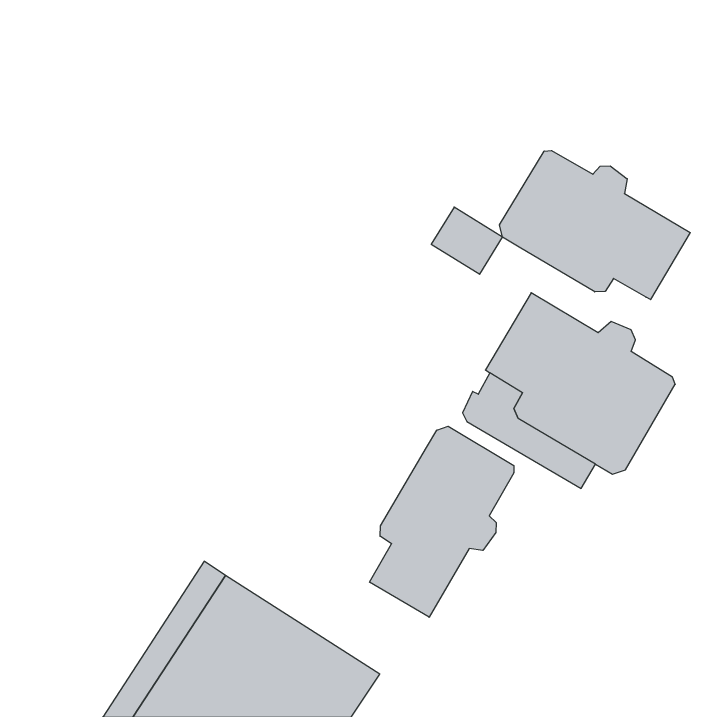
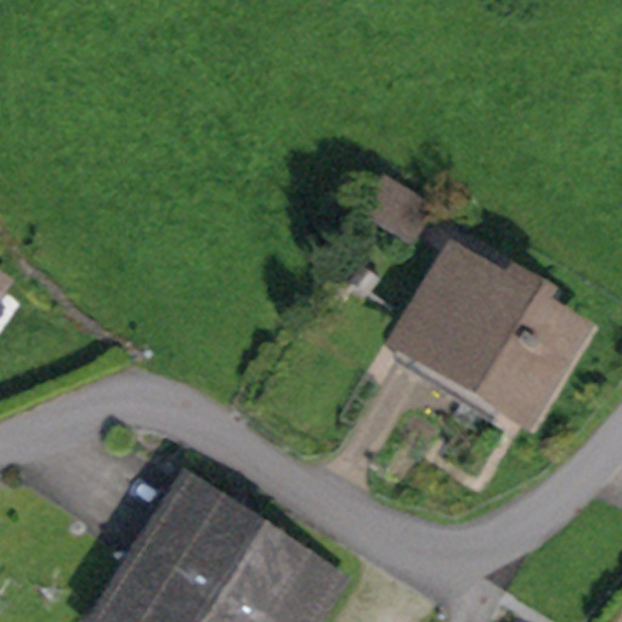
building: [500,151,690,300] -> none
building: [370,426,514,617] -> none

